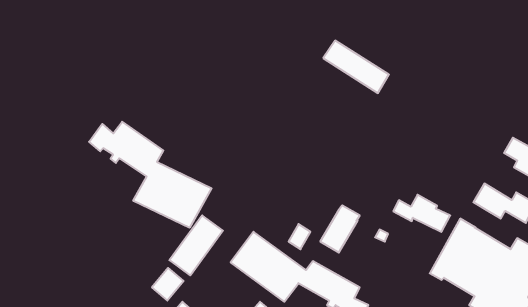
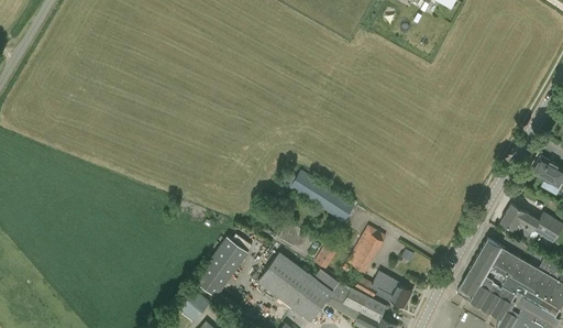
building: [323,41,389,93] -> [289,170,355,222]
building: [89,122,212,228] -> none
building: [393,195,450,232] -> [355,270,412,307]

